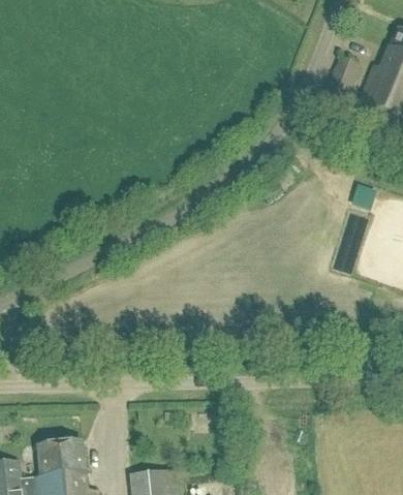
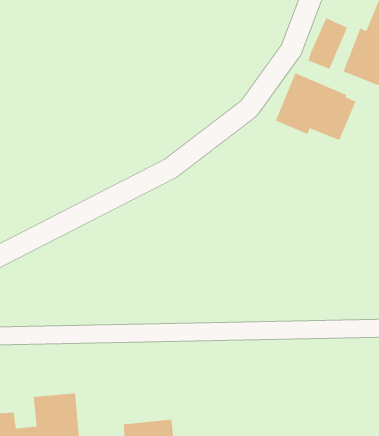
building: none -> [275,73,356,141]

